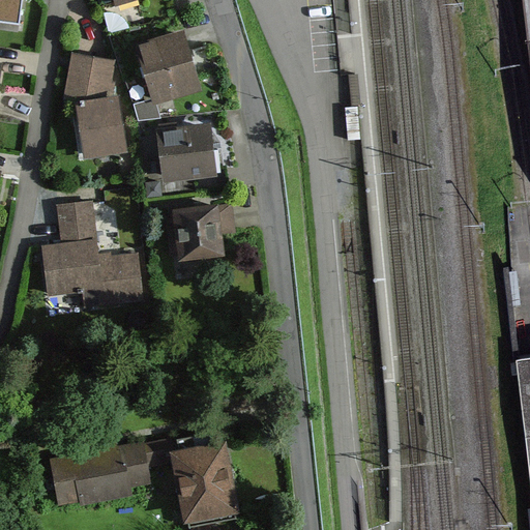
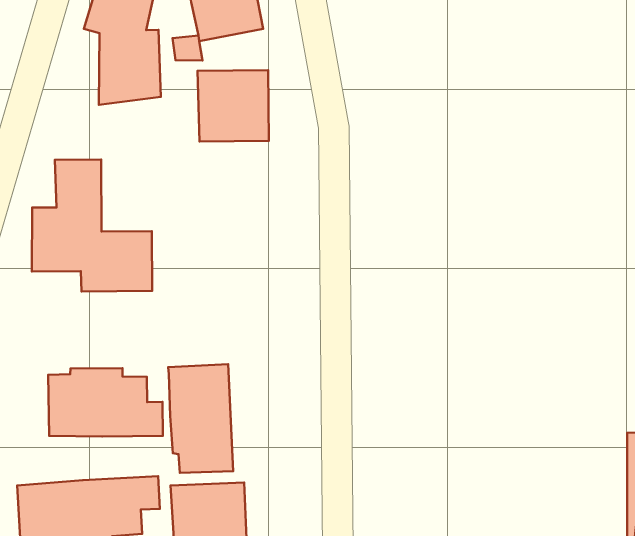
building: [173,203,233,258] -> none
building: none -> [168,364,233,473]
building: none -> [48,368,163,437]

